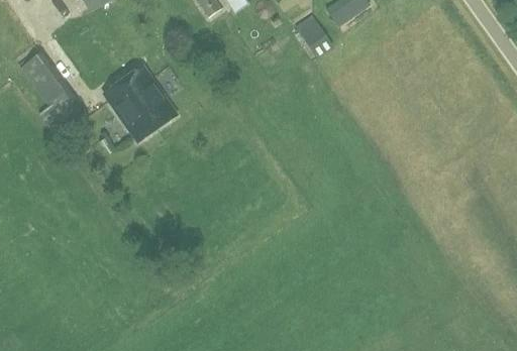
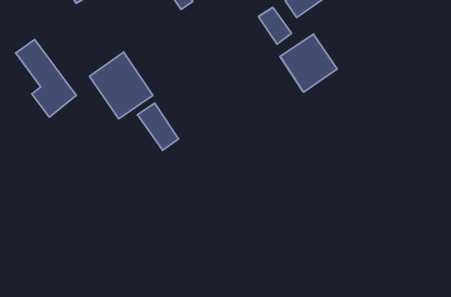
building: none -> [280,34,337,92]
building: none -> [137,103,179,150]

